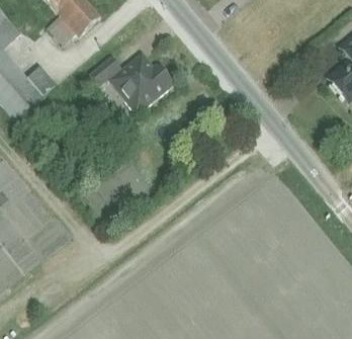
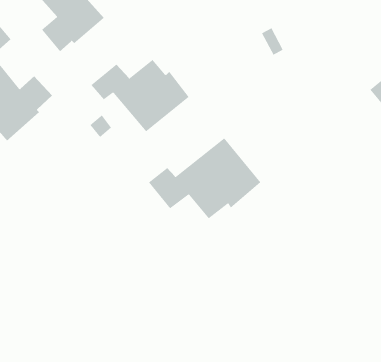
building: none -> [148,138,261,219]

